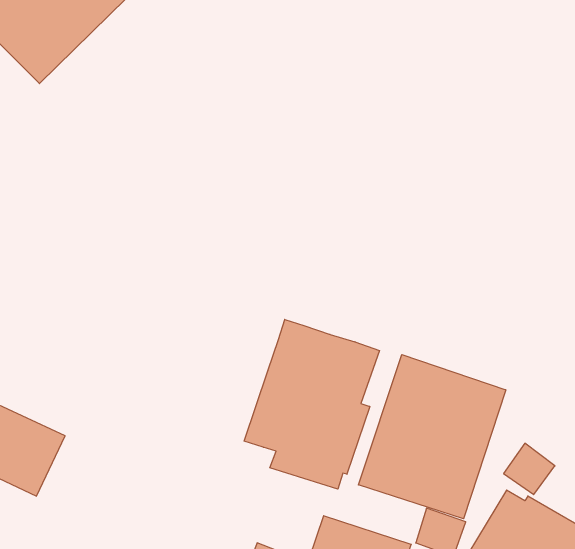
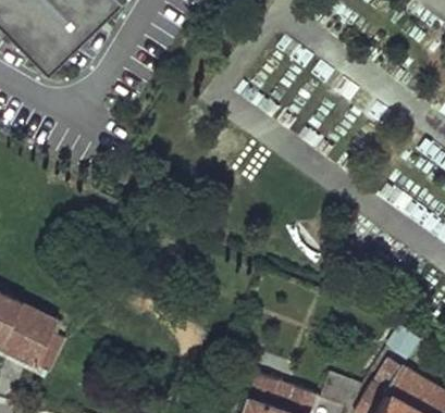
building: [244,319,379,489] -> none
building: [358,355,506,519] -> none

